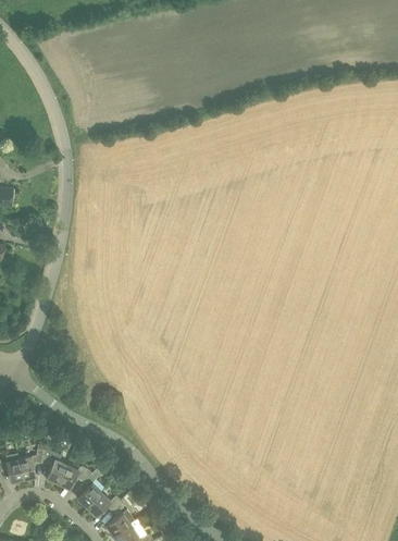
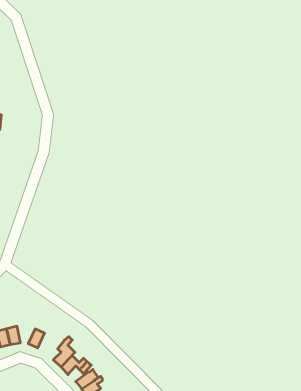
building: [57,464,90,488] -> none

